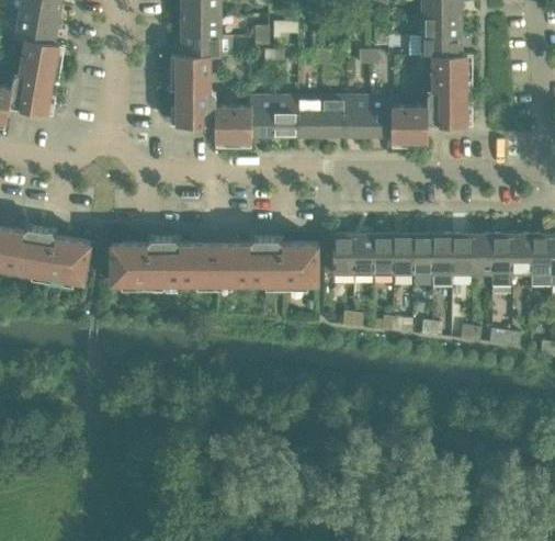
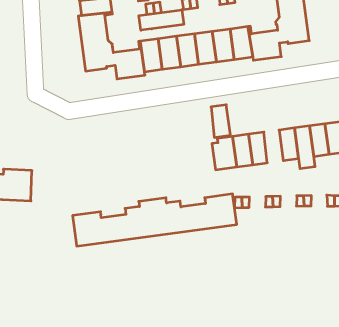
building: none -> [139,10,184,30]
building: [390,235,411,274] -> [211,105,230,137]
building: [110,237,317,283] -> [73,194,237,246]

